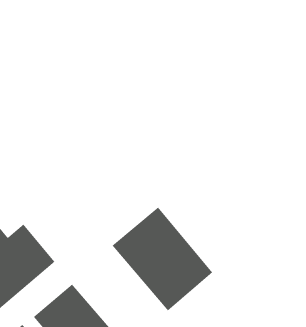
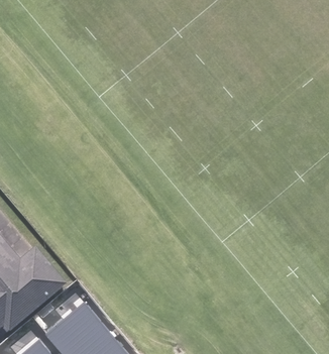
building: [111,207,213,311] -> none

